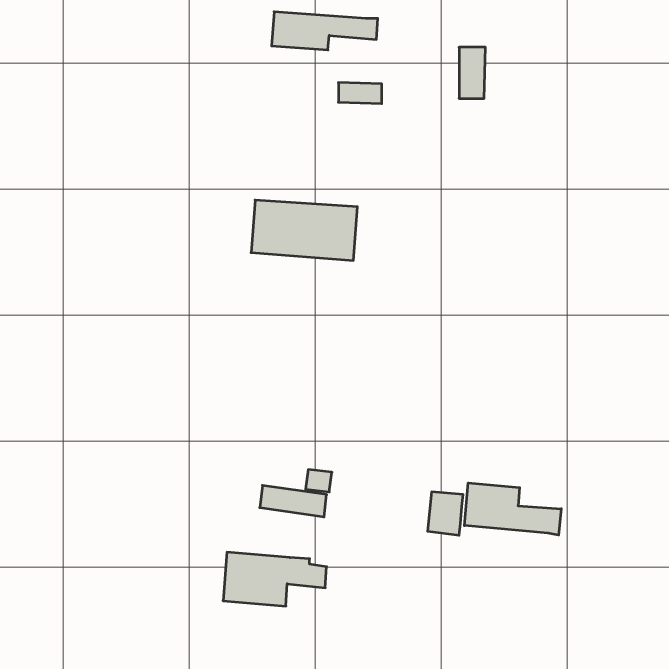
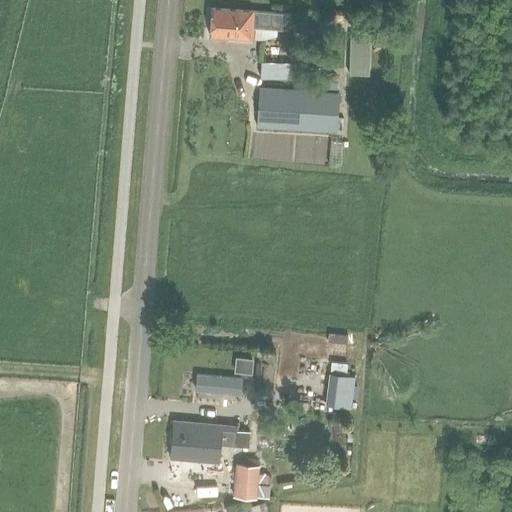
building: [251,200,357,260] -> [256,87,337,133]
building: [464,483,561,535] -> none
building: none -> [234,464,271,499]

